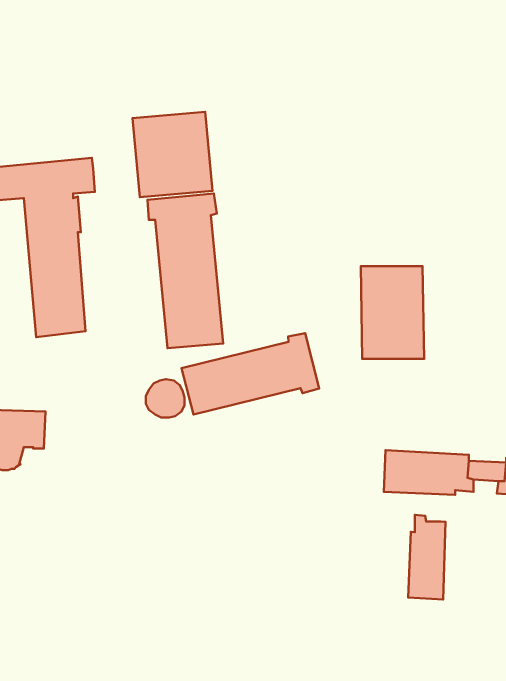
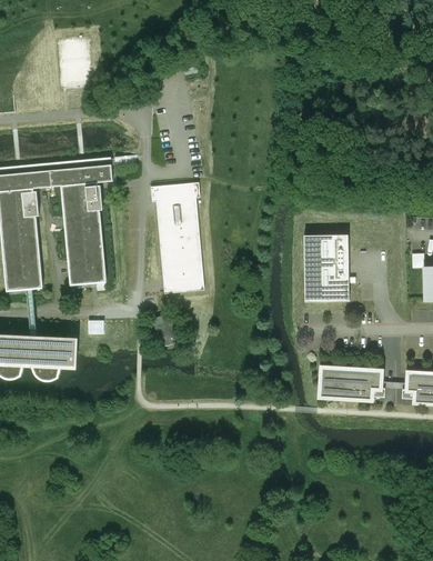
building: [133,112,213,197] -> none
building: [182,333,319,414] -> none
building: [408,515,446,599] -> none

